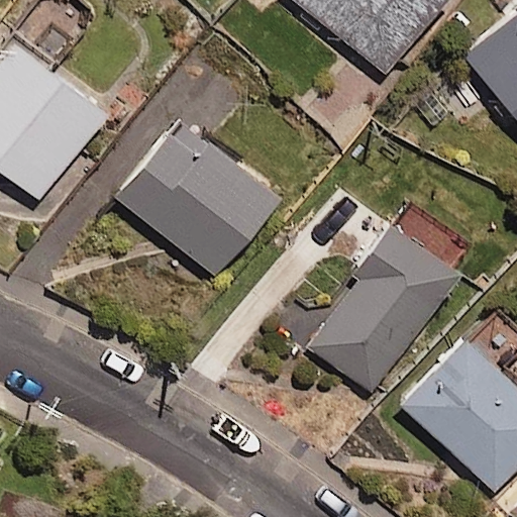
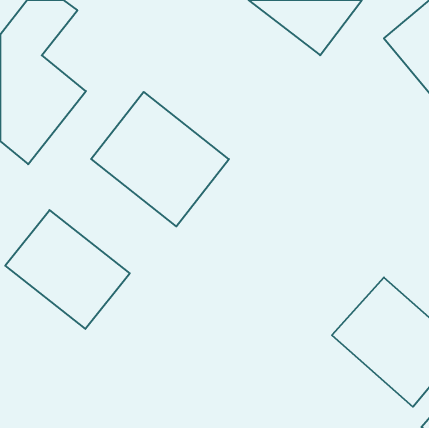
building: [308,217,459,394] -> none
building: none -> [5,210,130,329]

